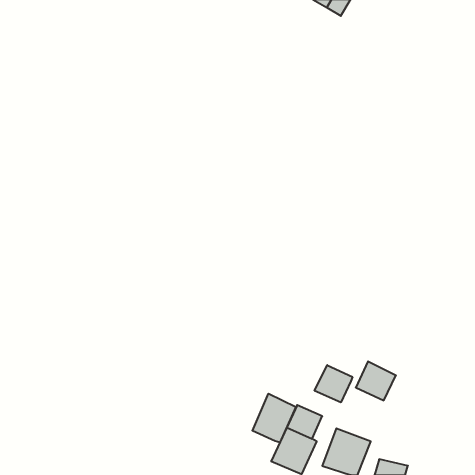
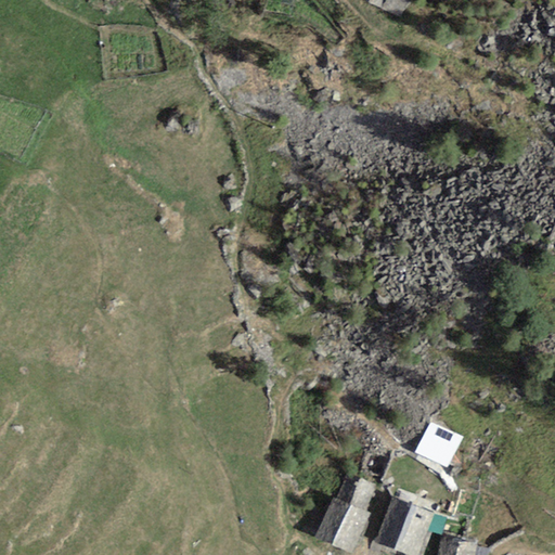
building: [315,365,352,402] -> none
building: [252,394,296,443] -> none

